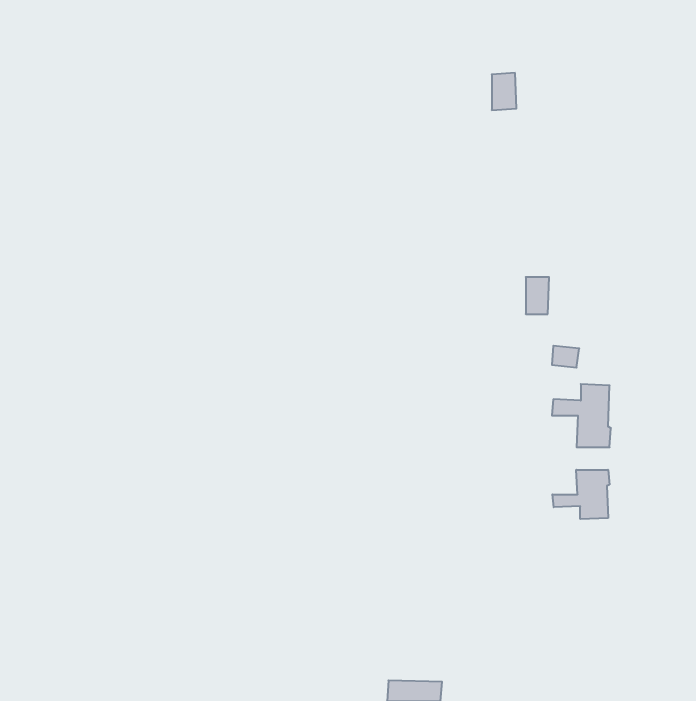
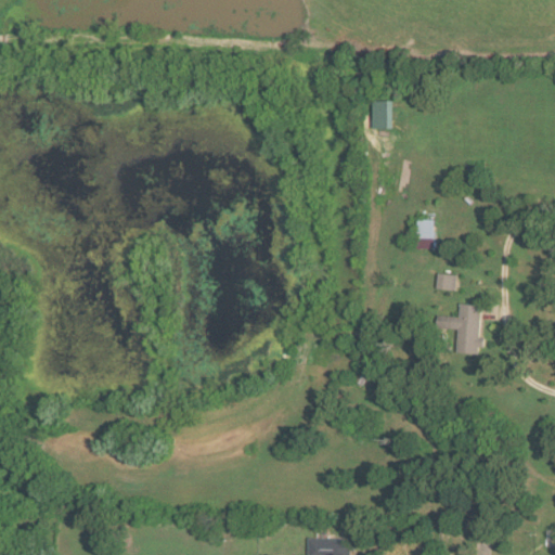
building: [492,73,516,110] -> [372,100,391,129]
building: [552,470,609,519] -> none

